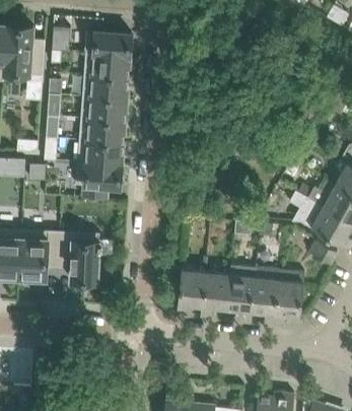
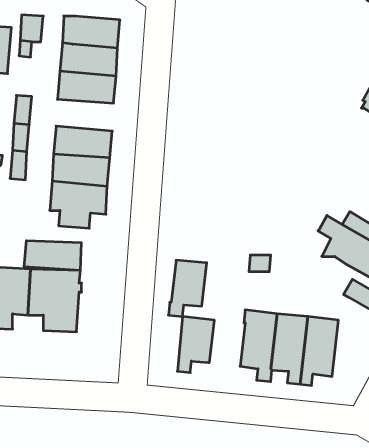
building: [80,96,126,122] -> none
building: none -> [24,241,81,270]
building: [200,272,230,317] -> [168,260,207,316]

